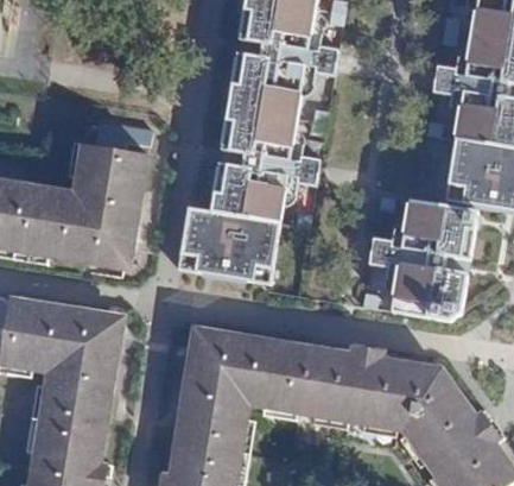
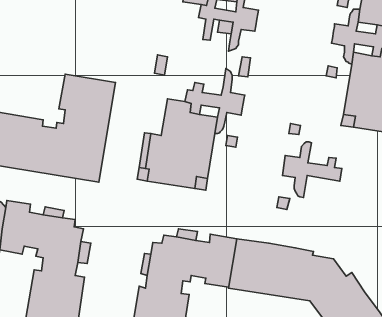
building: [221,55,299,153] -> none
building: [401,202,476,258] -> none
building: [394,264,467,320] -> none

